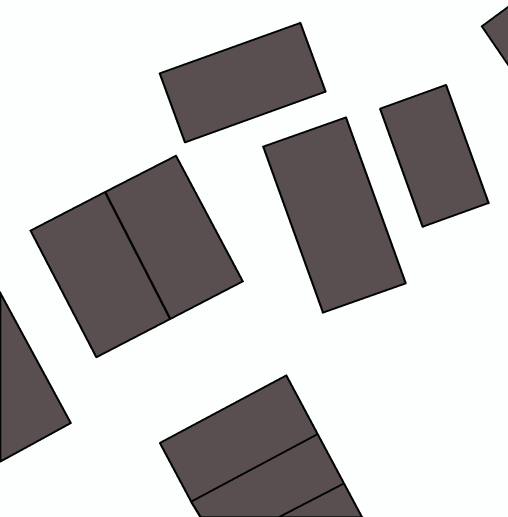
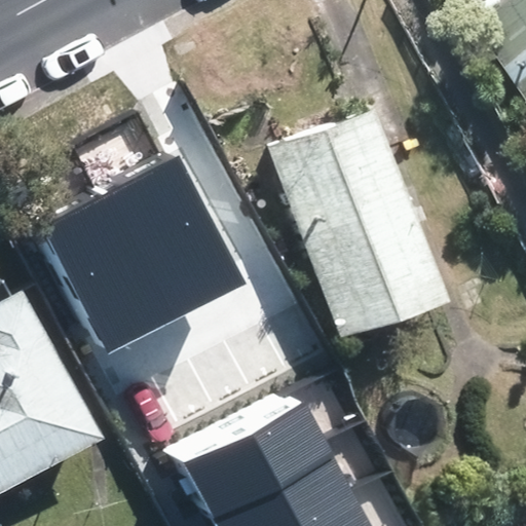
building: [160,23,325,142] -> none
building: [380,85,489,227] -> none

